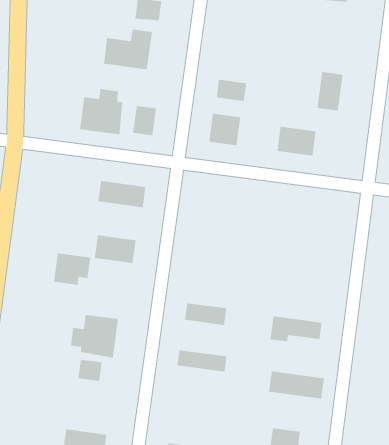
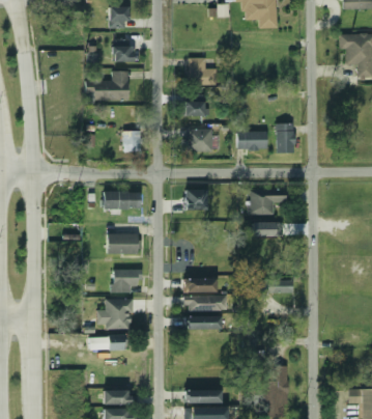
building: none -> [188,59,216,85]
building: [316,71,344,111] -> [278,123,295,152]
building: [79,88,123,135] -> none
building: none -> [188,191,207,211]
building: none -> [248,190,286,215]
building: none -> [254,222,284,236]
building: [53,253,91,285] -> [113,271,140,294]
building: [268,371,325,399] -> [184,296,227,312]

